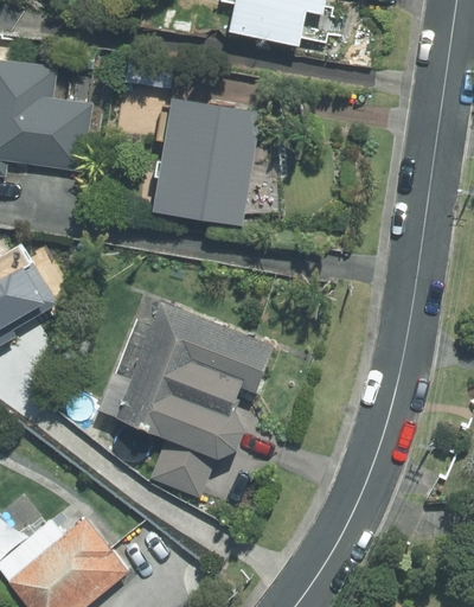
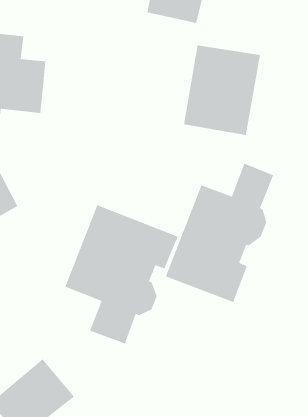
building: [152,97,261,225] -> [183,45,261,136]
building: none -> [165,163,274,303]

